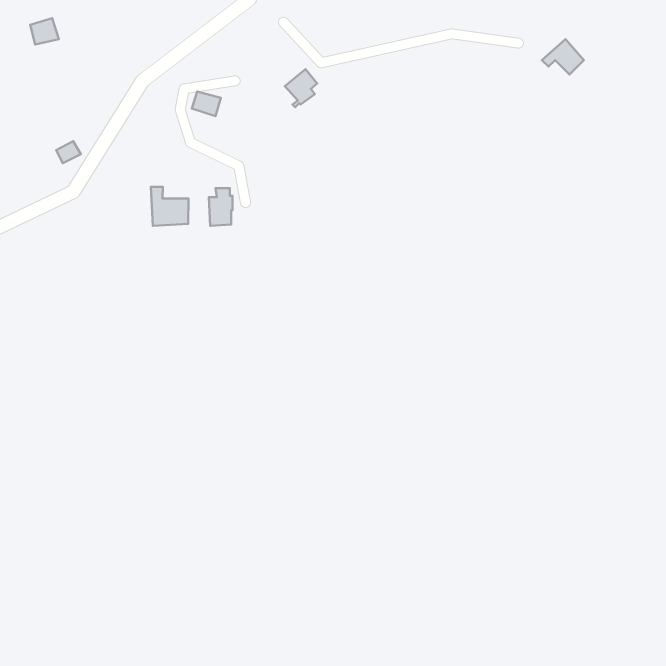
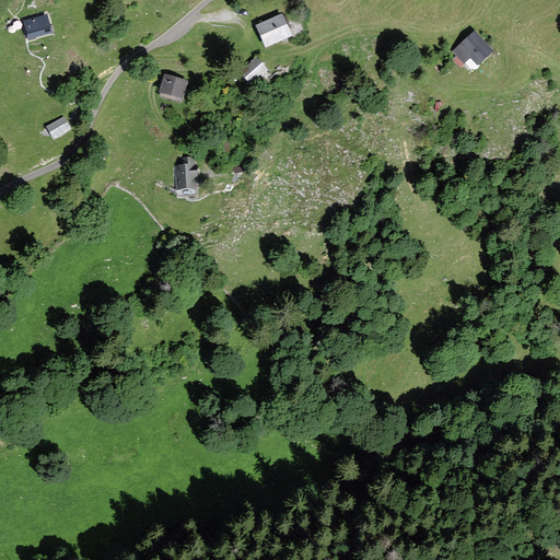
building: none -> [257,16,289,45]
building: [151,187,189,226] -> none

